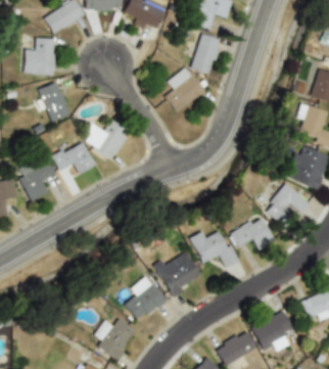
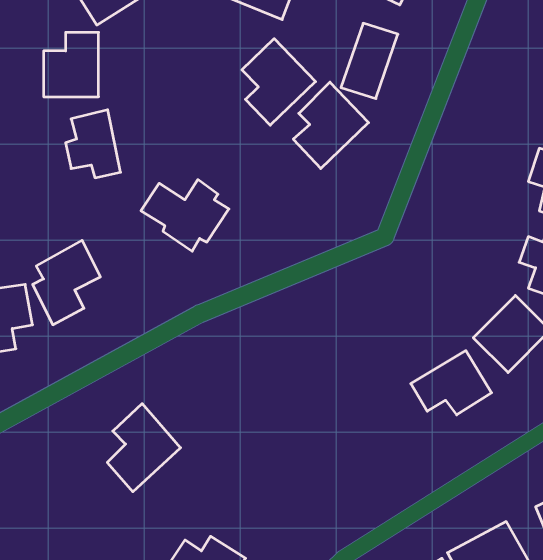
building: none -> [242,39,316,125]
building: [52,141,97,175] -> none
building: [189,228,237,267] -> none
building: [152,252,202,296] -> none
building: [126,274,167,323] -> [107,404,181,492]

